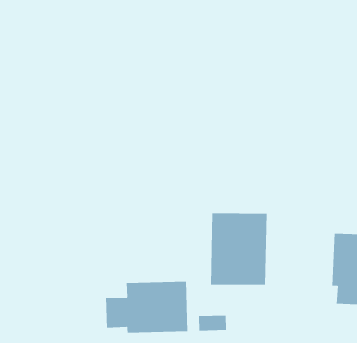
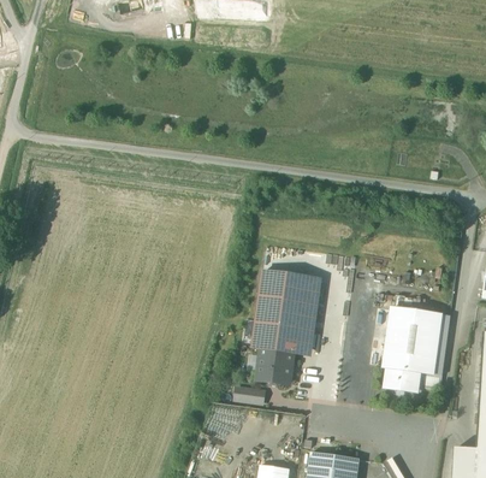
building: [105,281,188,333] -> none
building: none -> [253,354,295,388]

